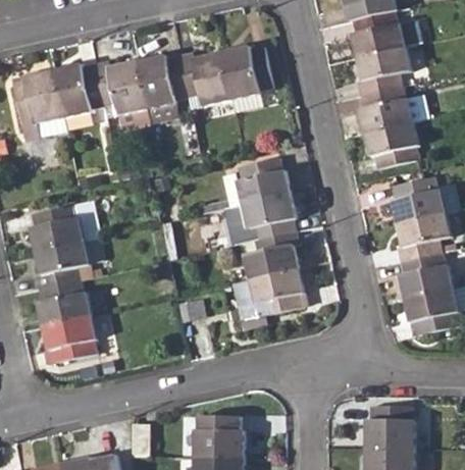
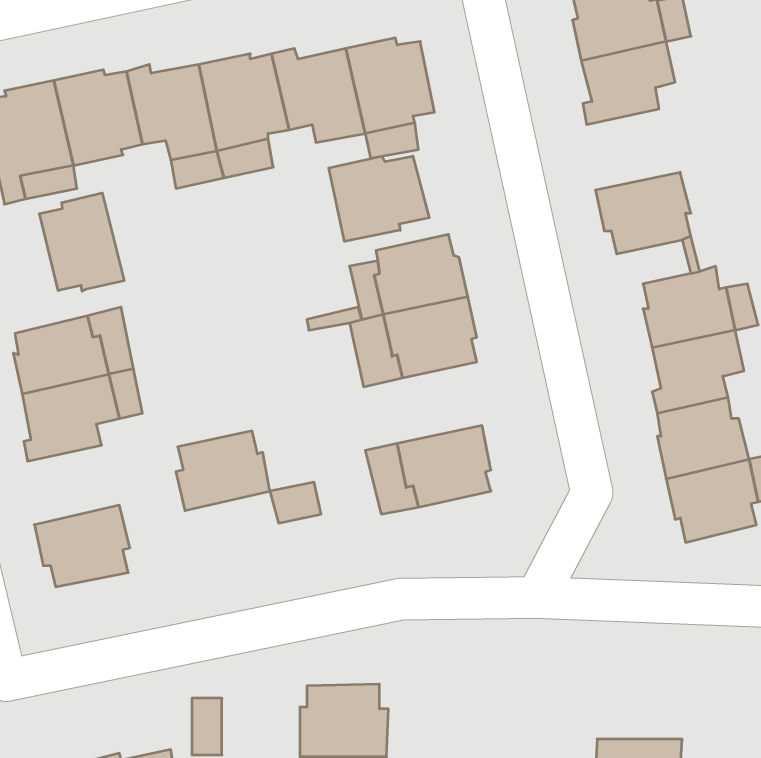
building: [359,86,413,133] -> none
building: none -> [329,156,429,241]
building: none -> [39,193,124,291]
building: [245,231,299,278] -> none
building: [36,279,90,325] -> [176,431,270,511]
building: [365,407,415,449] -> none

